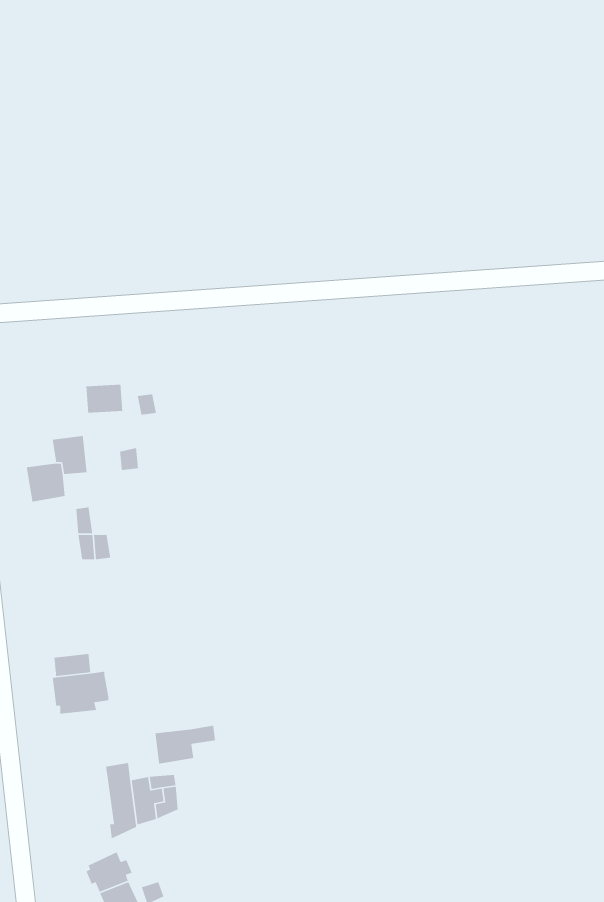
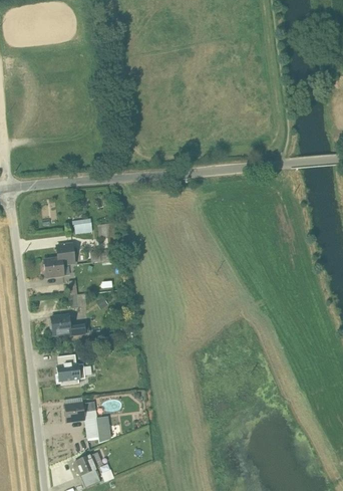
building: none -> [50,314,82,335]
building: [154,725,216,764] -> [64,401,95,421]

